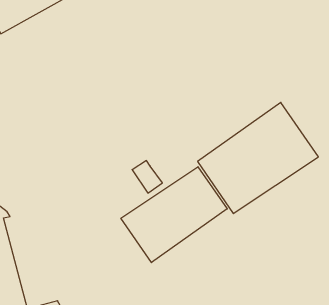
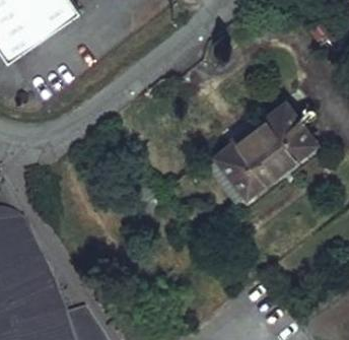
building: [121,167,227,263] -> none

